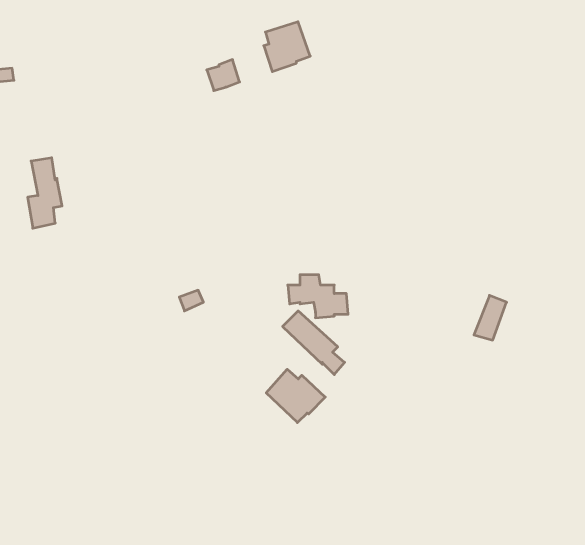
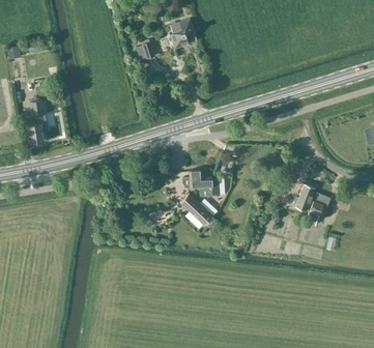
building: none -> [305,192,329,225]
building: [266,369,325,423] -> none

